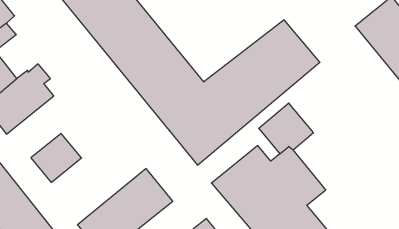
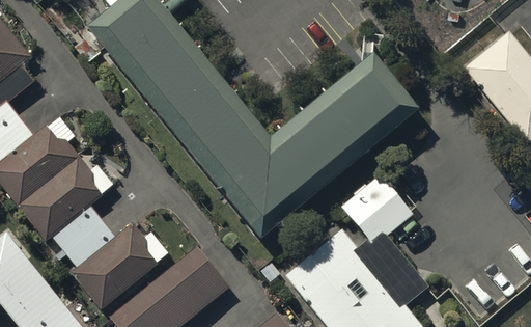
building: none -> [20,157,113,240]
building: none -> [71,221,169,310]

